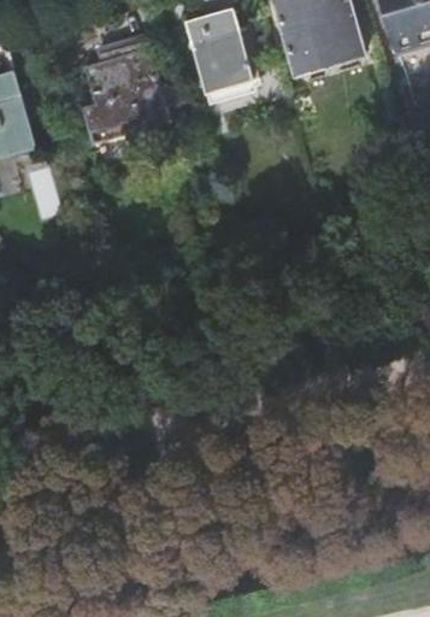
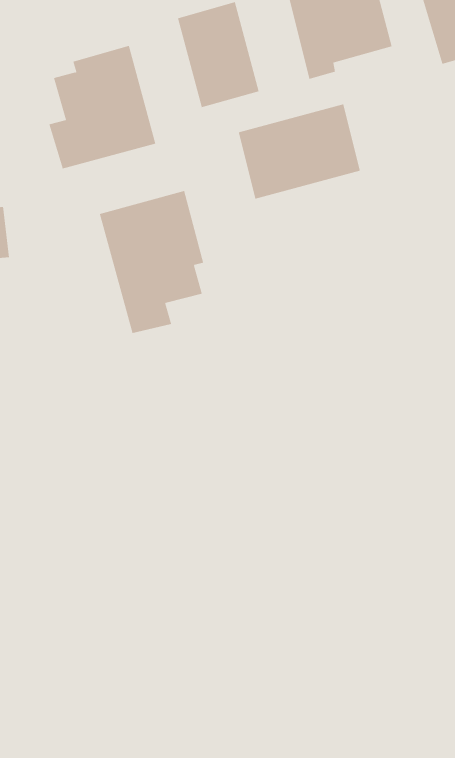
building: none -> [238,104,360,199]
building: none -> [99,190,204,334]

